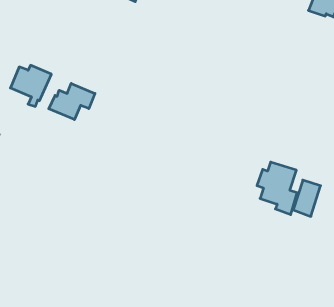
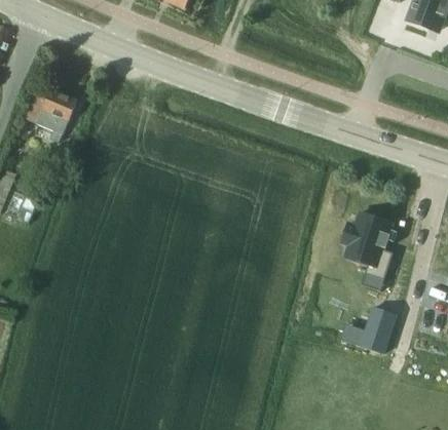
building: [49,83,95,120] -> none
building: [293,180,321,216] -> [361,307,396,353]

